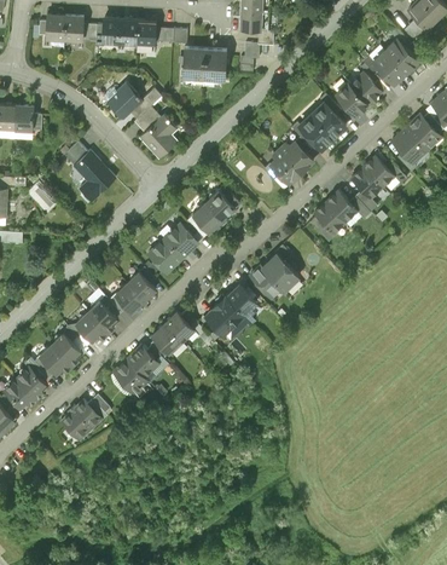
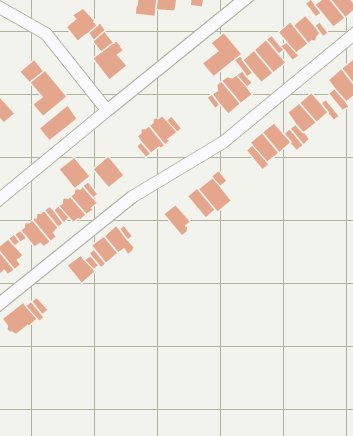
building: none -> [202,32,242,77]
building: none -> [39,105,77,141]
building: [163,224,197,258] -> [59,157,90,189]
building: [205,295,246,334] -> none
building: [112,358,147,397] -> none

